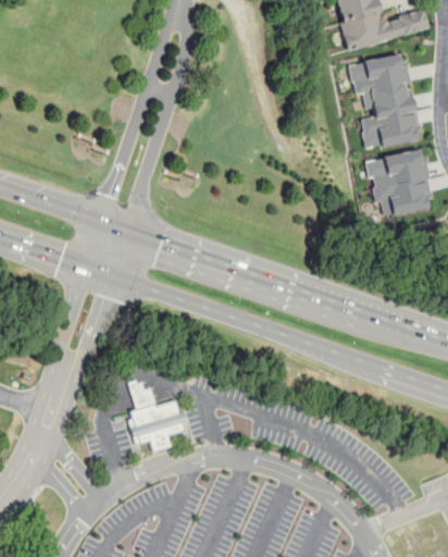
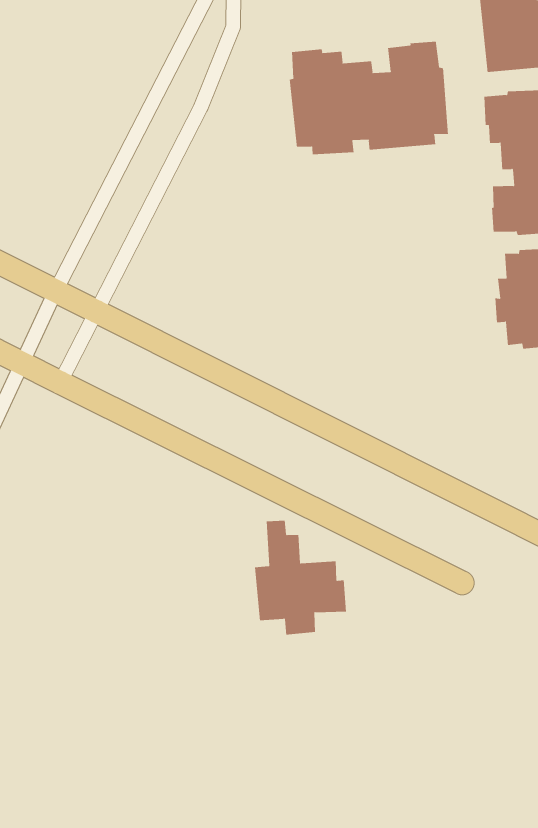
building: none -> [289,41,448,155]
building: [125,380,186,450] -> [254,520,347,635]

